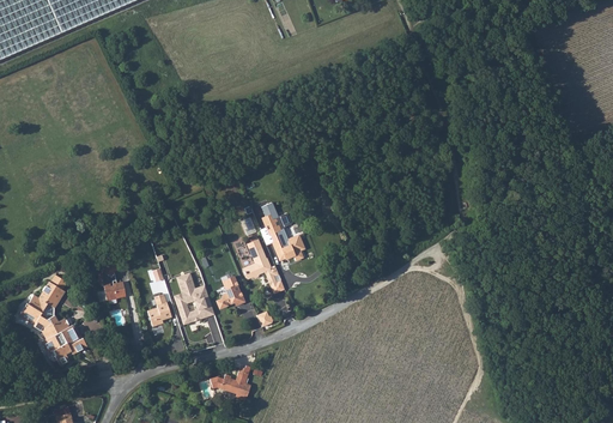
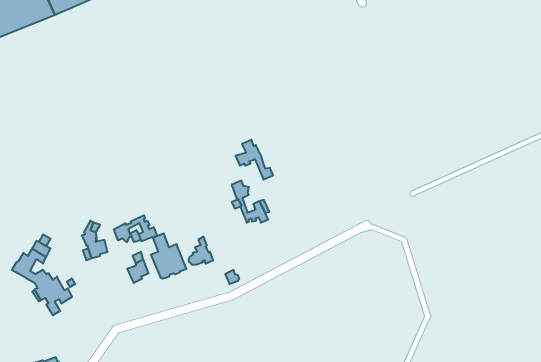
building: [242,248,284,292] -> [235,140,273,180]
building: none -> [114,215,157,242]
building: [211,364,251,400] -> none

